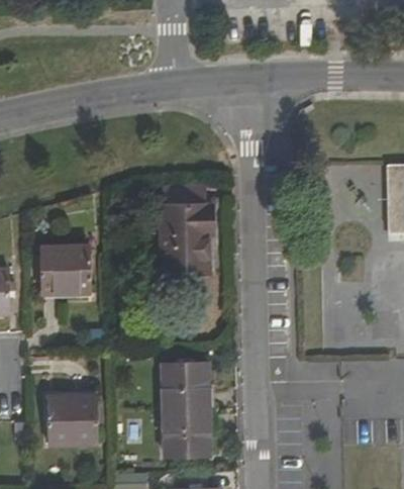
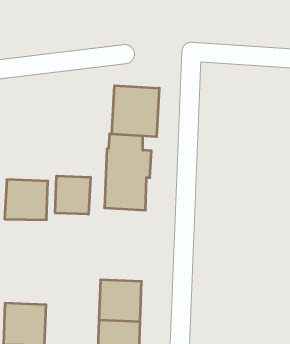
building: none -> [112,86,159,137]
building: none -> [55,176,90,214]

